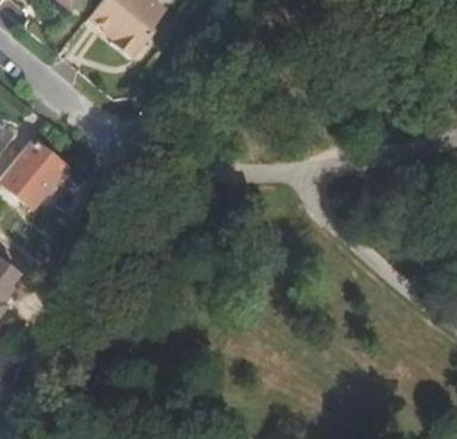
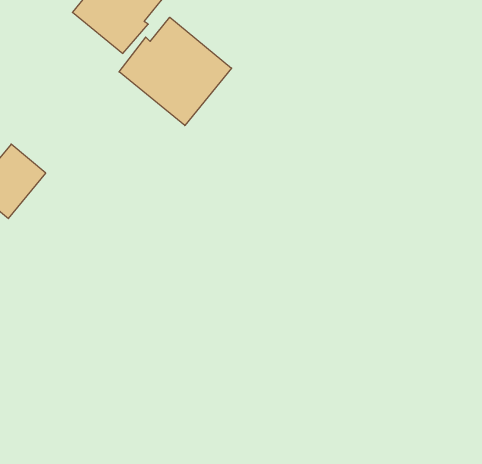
building: none -> [119,17,232,126]

